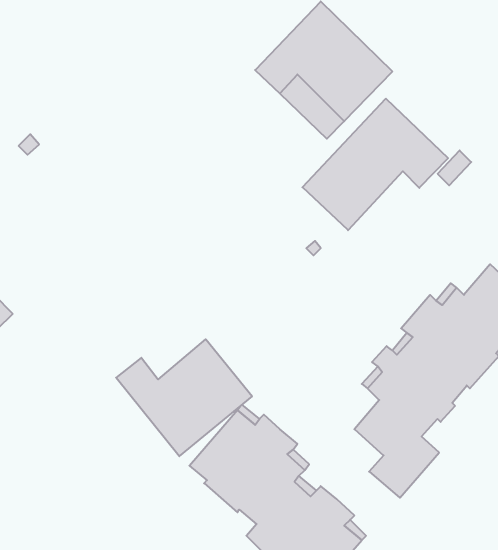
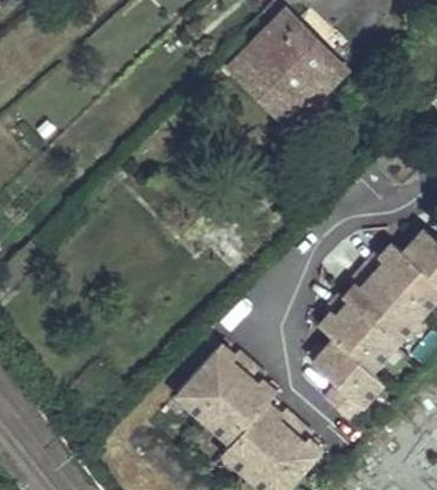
building: [302,99,448,230] -> none
building: [116,339,252,456] -> none

